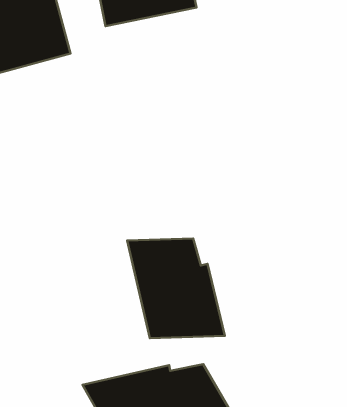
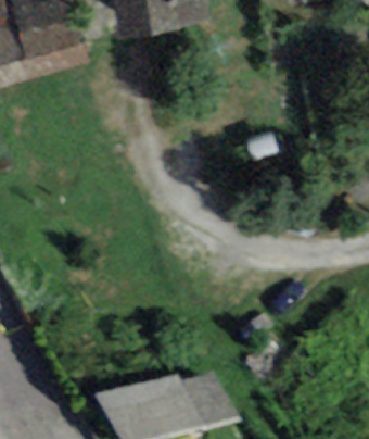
building: [127,239,225,338] -> none

